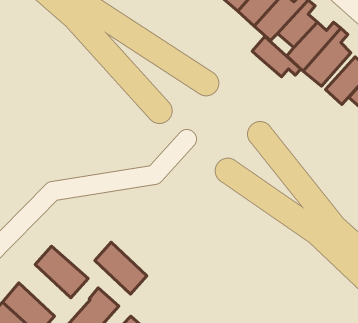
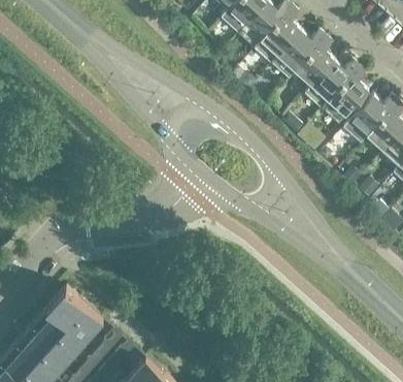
building: [252,36,301,77] -> none
building: [95,242,147,294] -> [34,305,87,357]

